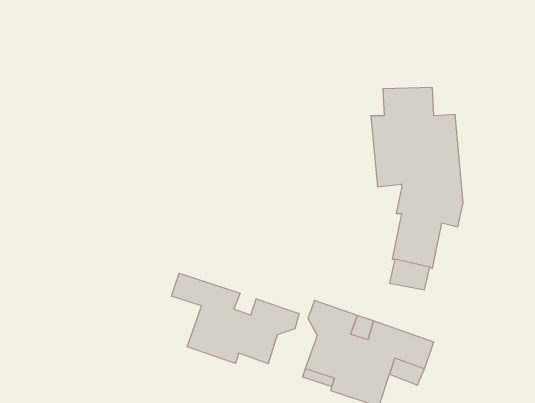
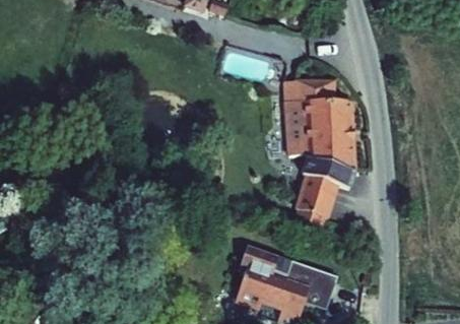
building: [172,273,299,364] -> none

